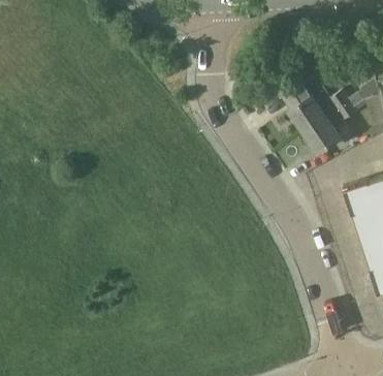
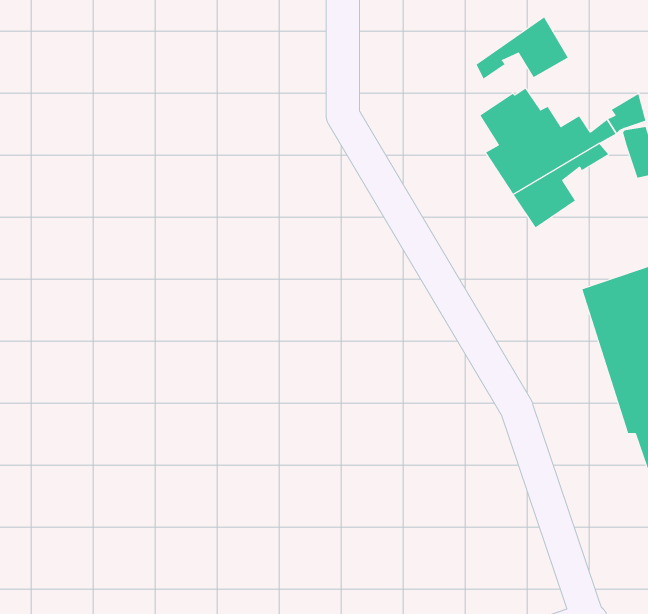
building: none -> [476,16,569,80]

